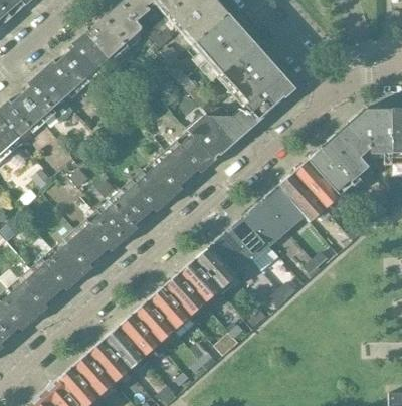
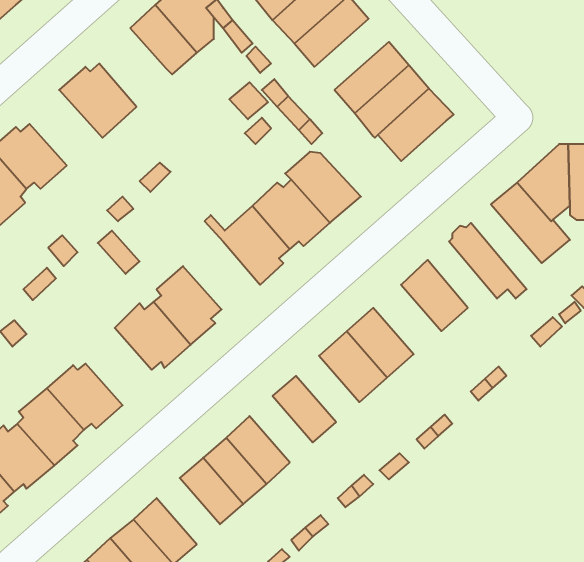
building: [206,26,254,72] -> none
building: [66,32,110,83] -> none
building: [21,72,73,122] -> none
building: [210,102,262,142] -> none
building: [308,147,358,196] -> none
building: [121,171,171,215] -> none
building: [279,171,331,221] -> none
building: [244,199,288,244] -> none
building: [57,227,100,277] -> none
building: [194,245,235,288] -> none
building: [164,271,205,315] -> none
building: [104,325,145,368] -> none

